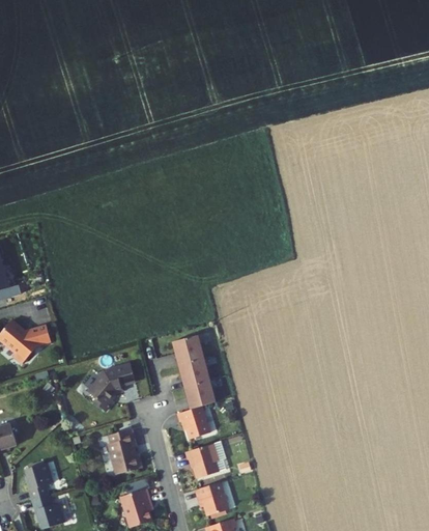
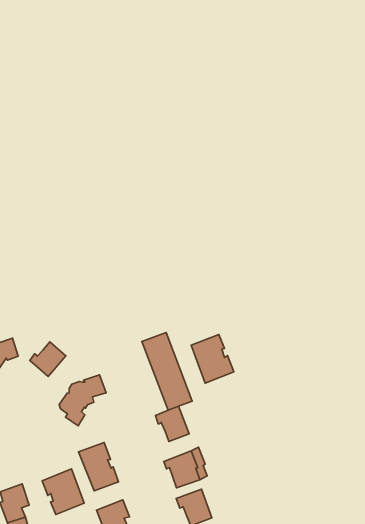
building: none -> [30,342,66,376]
building: none -> [191,334,234,383]
building: none -> [42,469,84,514]

